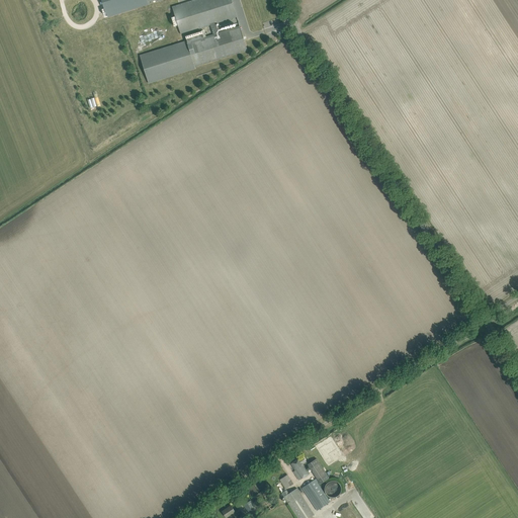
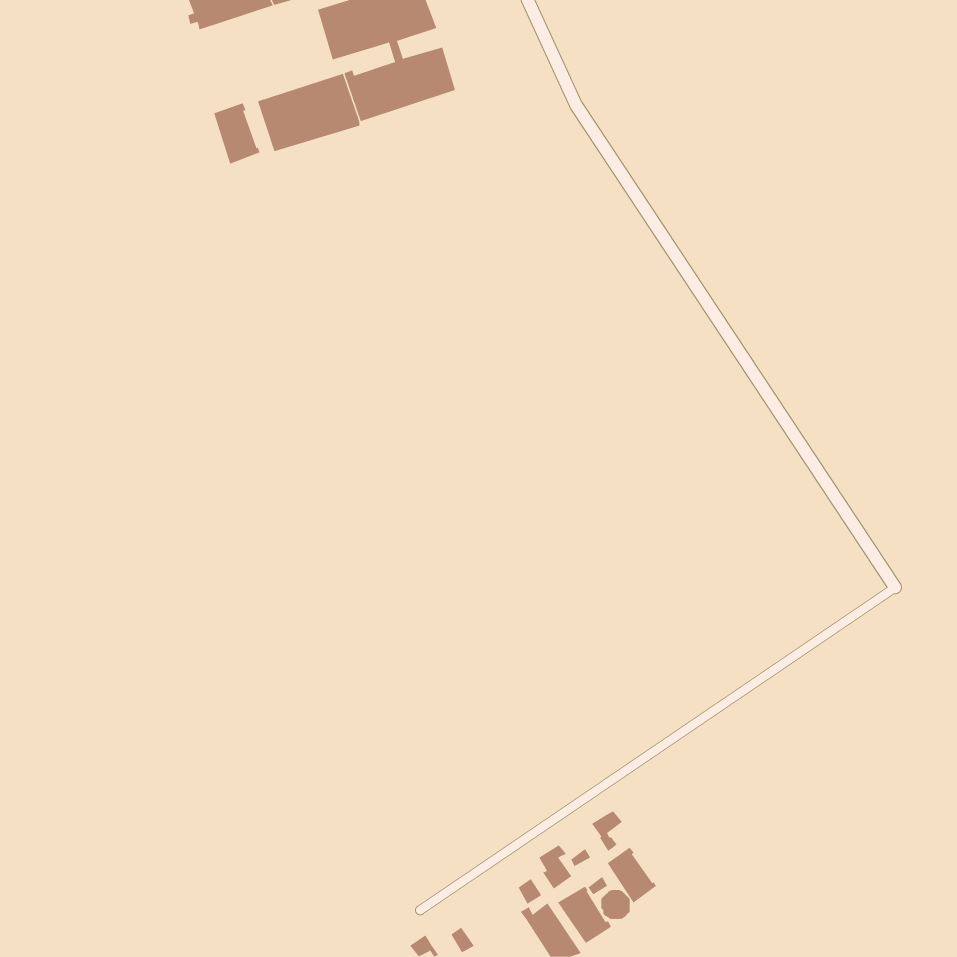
building: none -> [213,103,260,165]
building: none -> [607,847,657,904]

